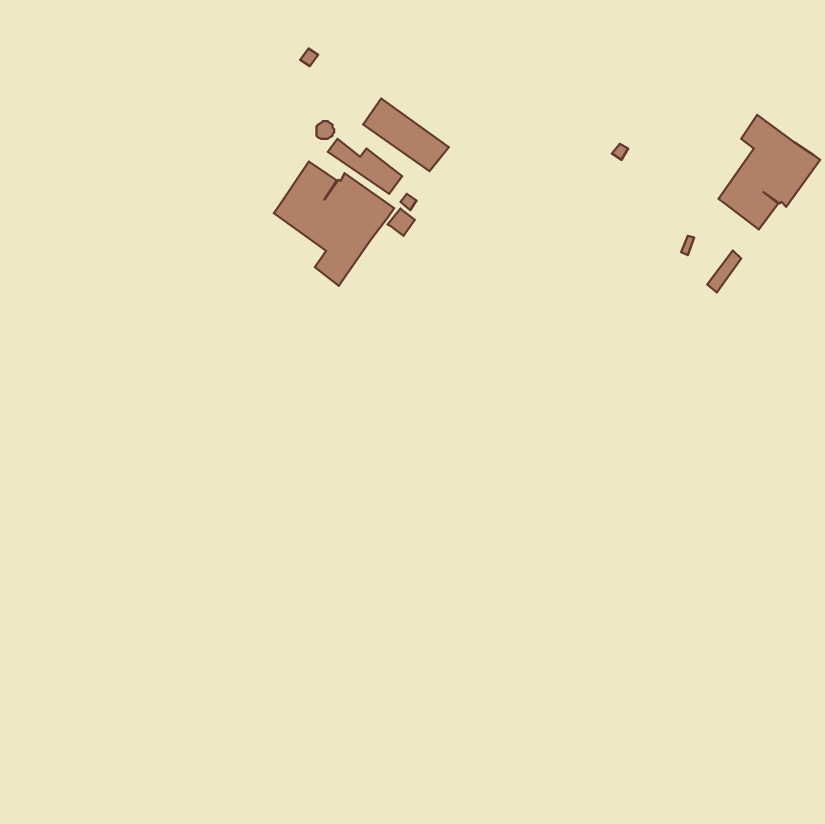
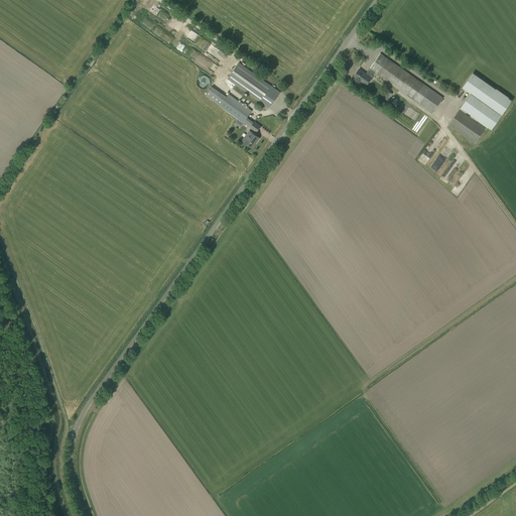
building: none -> [354,52,442,112]
building: [274,162,394,286] -> none

